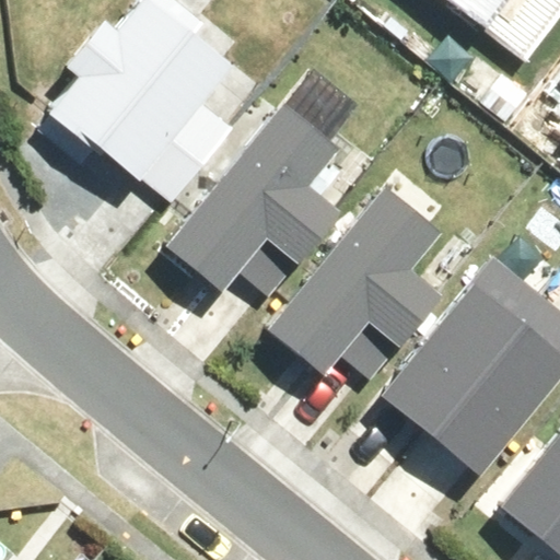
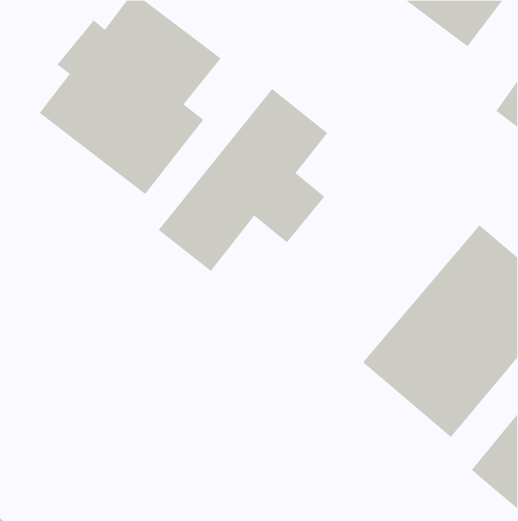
building: [266,182,450,378] -> none

